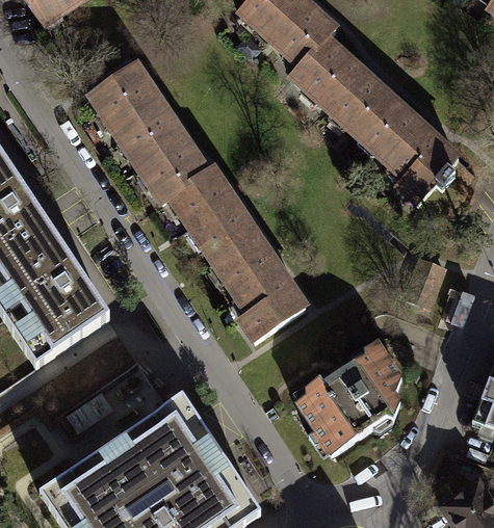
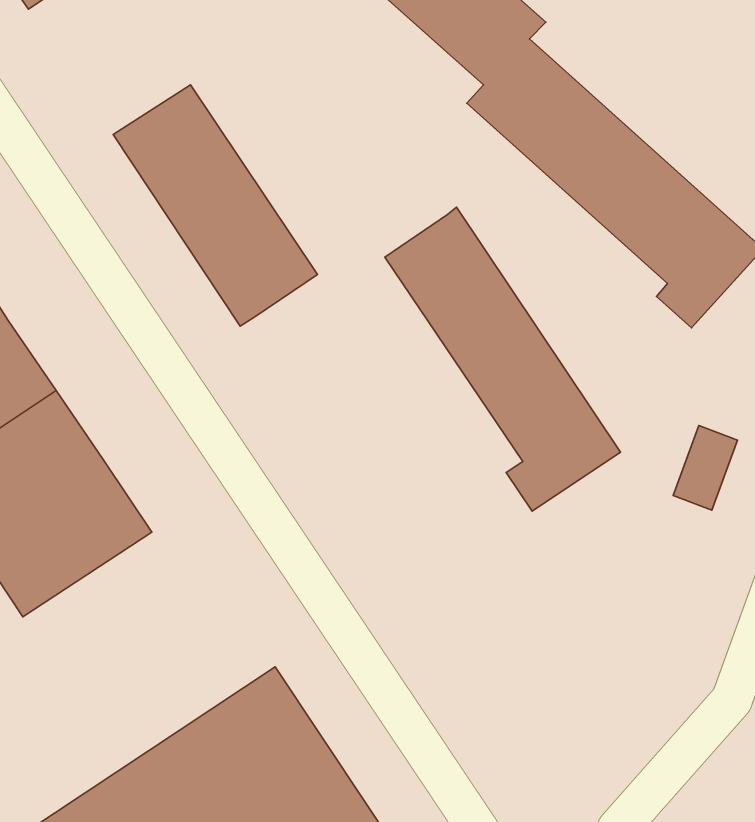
building: [172,168,305,340] -> [385,207,621,511]
building: [295,338,402,453] -> none

